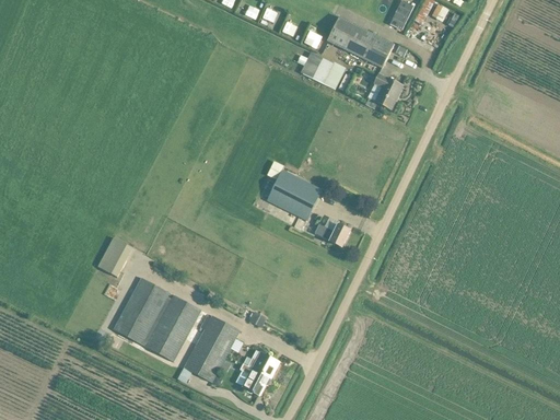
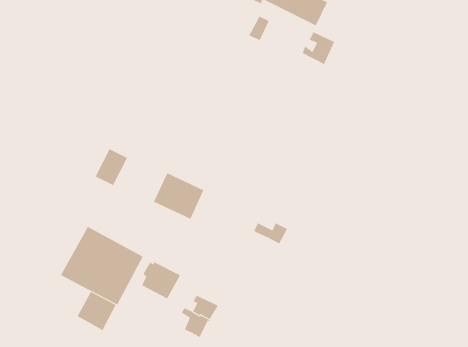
building: [266,170,319,219] -> [153,173,204,219]
building: [313,223,349,246] -> [253,222,288,244]
building: [96,237,131,277] -> [95,148,128,186]
building: [183,340,224,382] -> [77,291,116,331]

